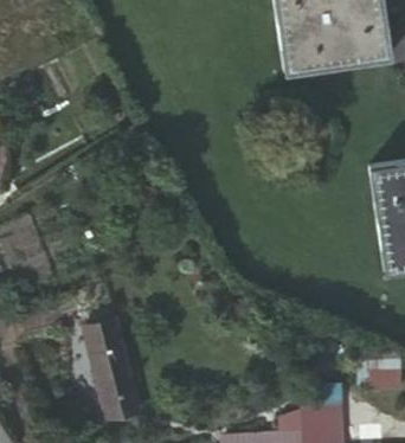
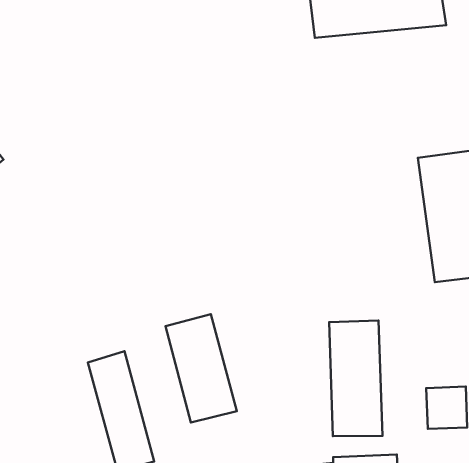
building: none -> [165,314,237,422]
building: none -> [329,321,382,436]

